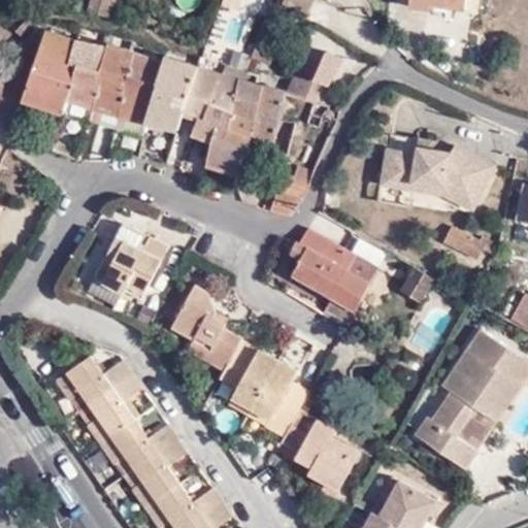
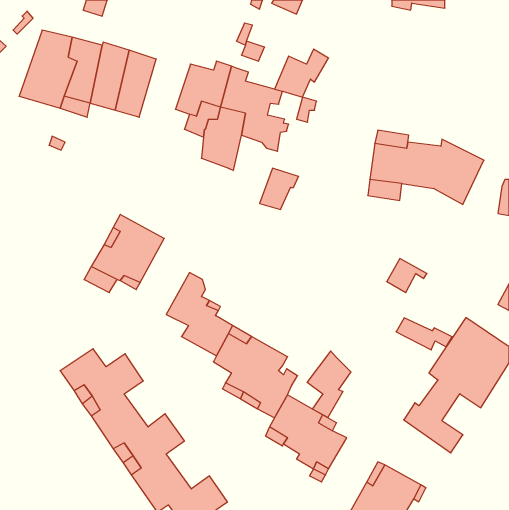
building: [143,57,196,132] -> none
building: [439,228,497,261] -> [396,318,452,350]
building: [287,230,374,310] -> none
building: none -> [307,351,351,418]

